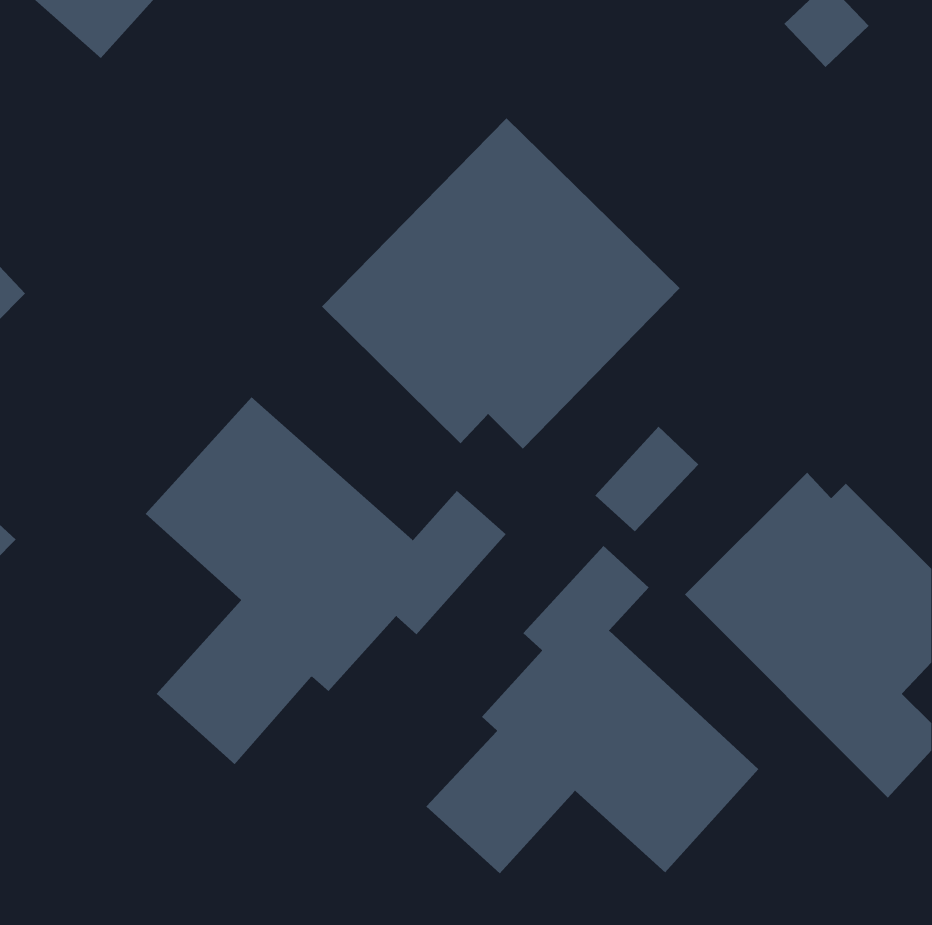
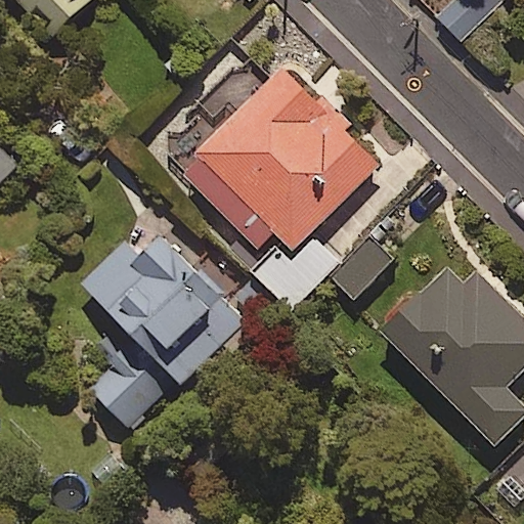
building: [425,545,759,874] -> none

